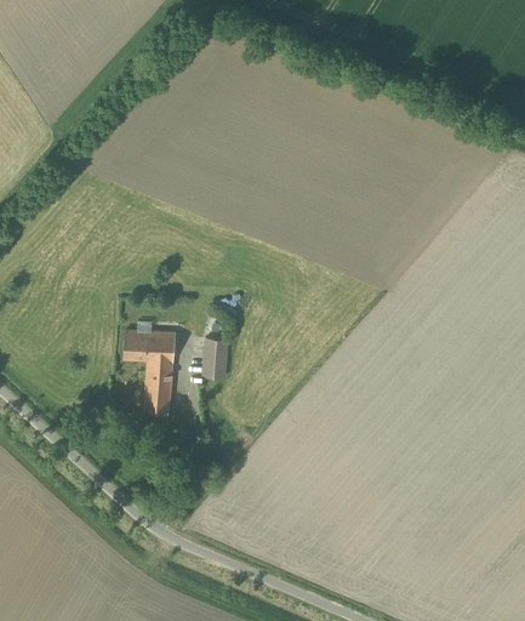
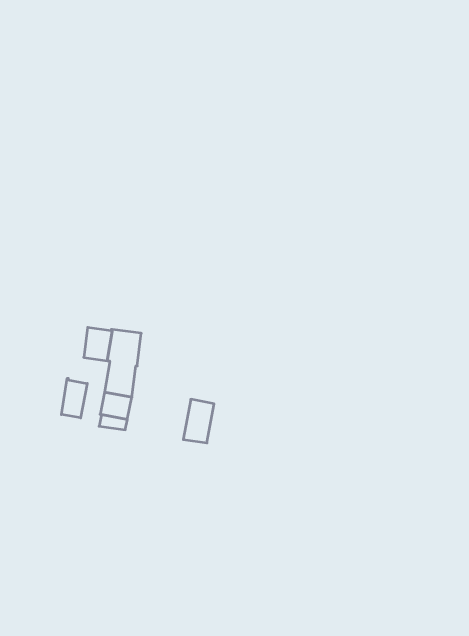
building: [202,337,228,376] -> [183,399,214,443]
building: none -> [61,378,87,418]

